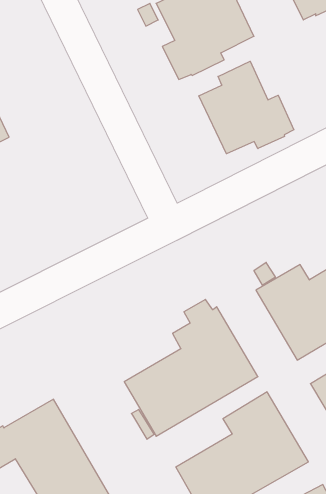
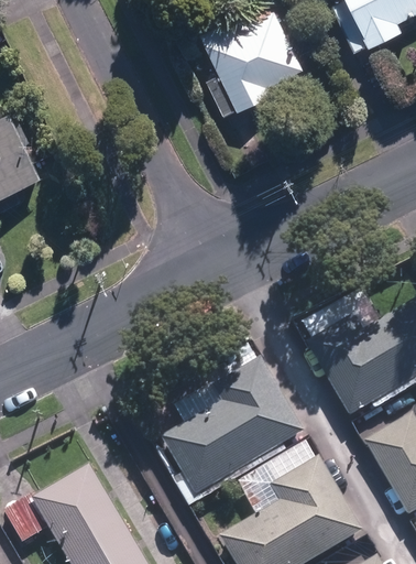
building: [199,61,294,154] -> none

